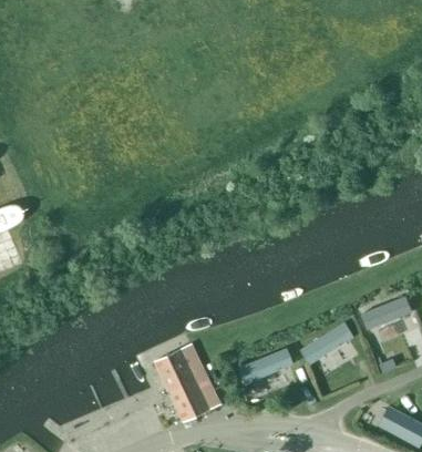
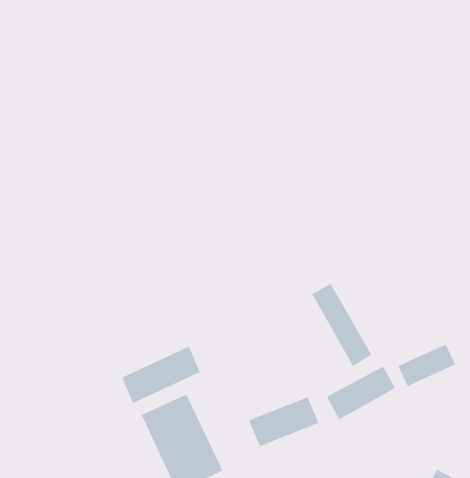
building: none -> [312,283,372,367]
building: none -> [121,346,201,404]

